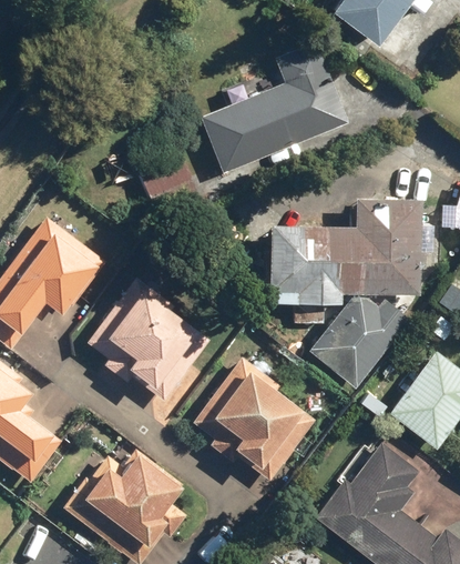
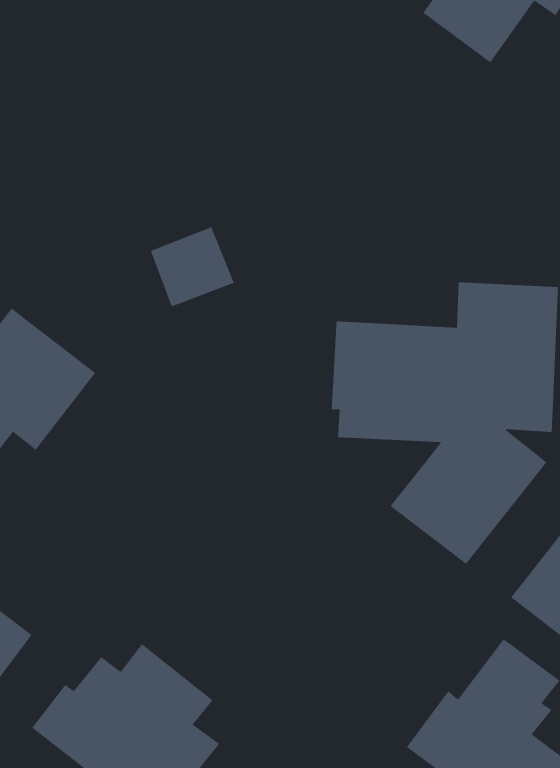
building: [200,47,347,174] -> none
building: [86,275,212,400] -> none
building: [193,355,318,480] -> none

